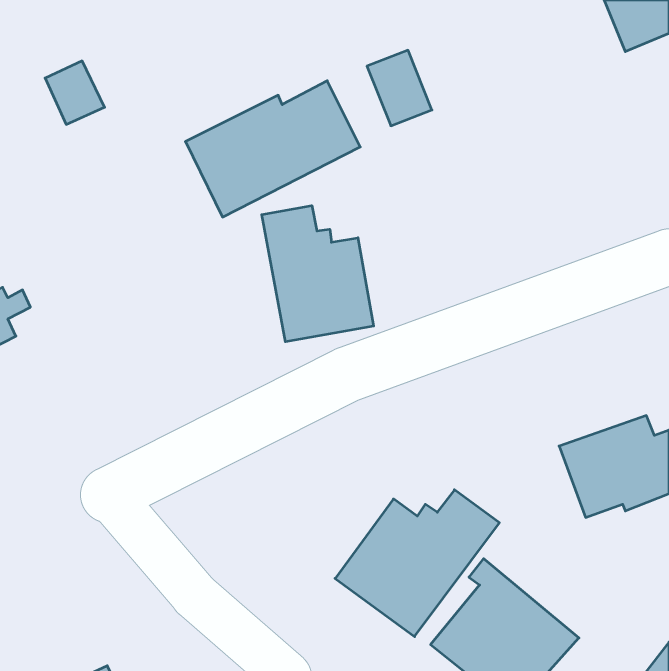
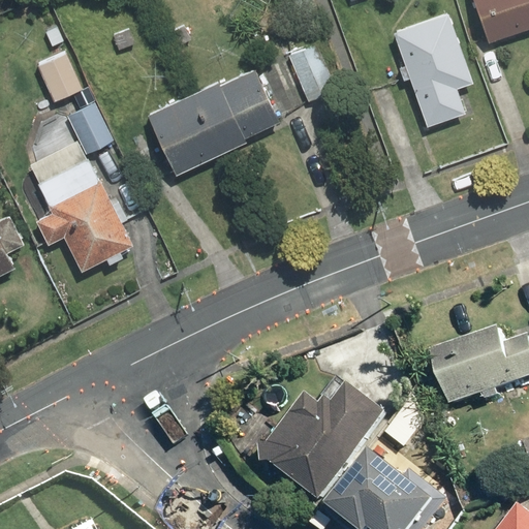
building: none -> [393,13,470,127]
building: none -> [29,104,132,270]
building: [262,206,374,342] -> none

